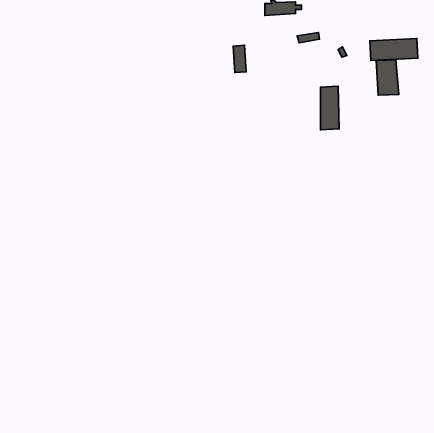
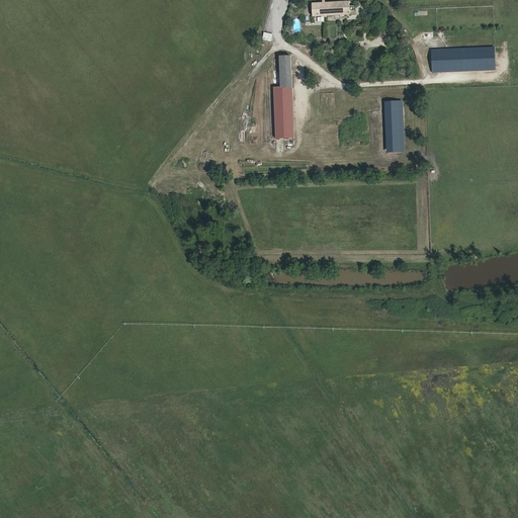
building: [376,60,399,95] -> none
building: none -> [273,85,295,142]

